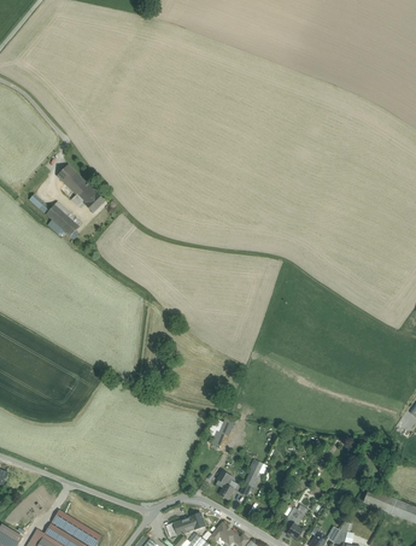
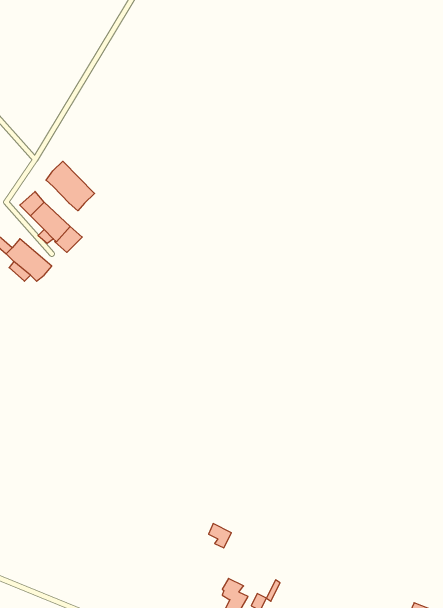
building: none -> [46,161,95,211]

